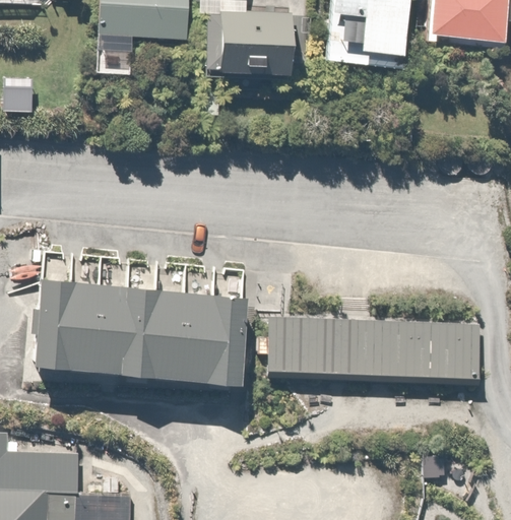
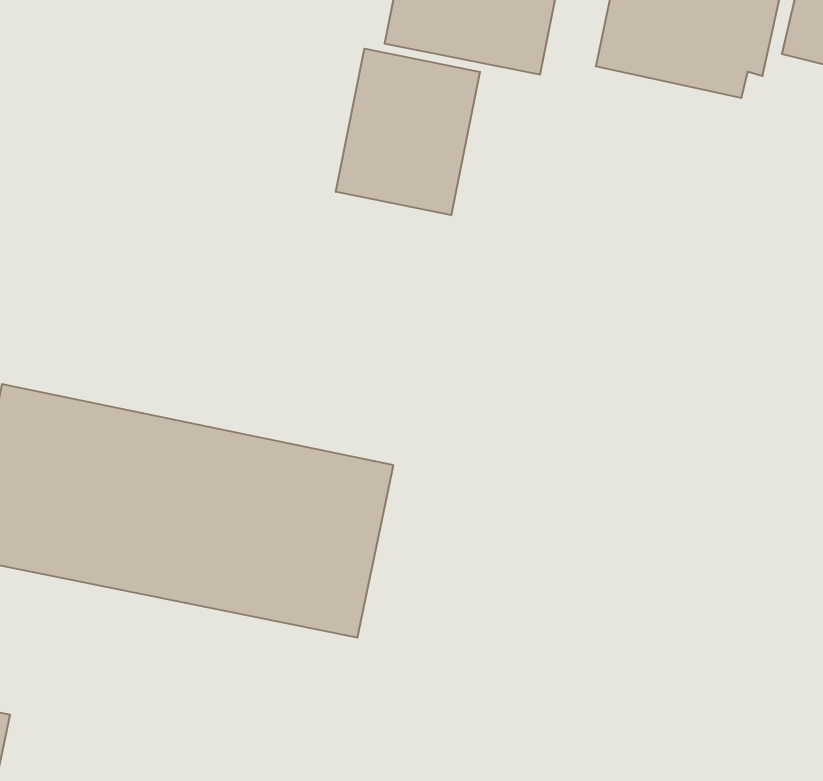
building: none -> [336,49,480,215]
building: [266,312,480,383] -> none

